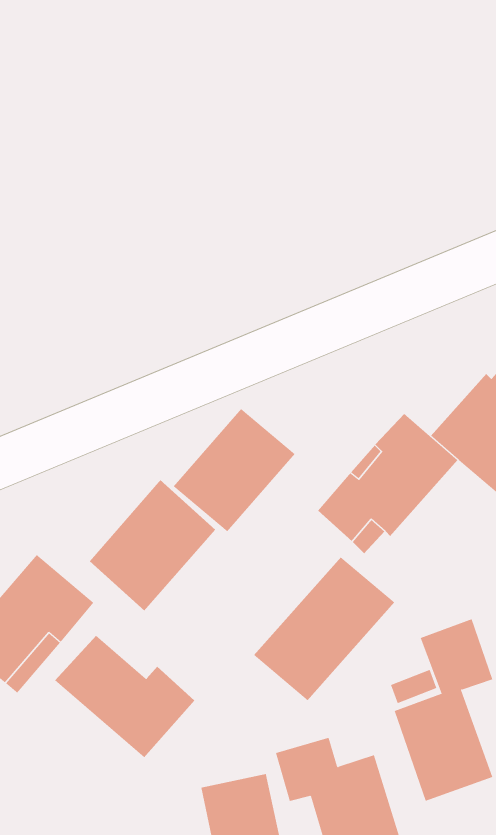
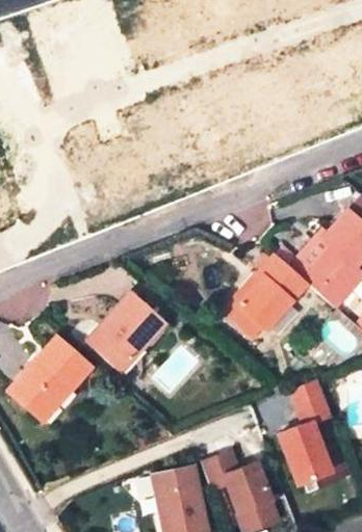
building: [173,408,296,532] -> none
building: [253,556,395,701] -> none
building: [54,635,195,758] -> none

